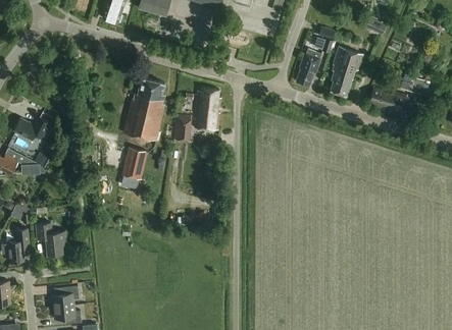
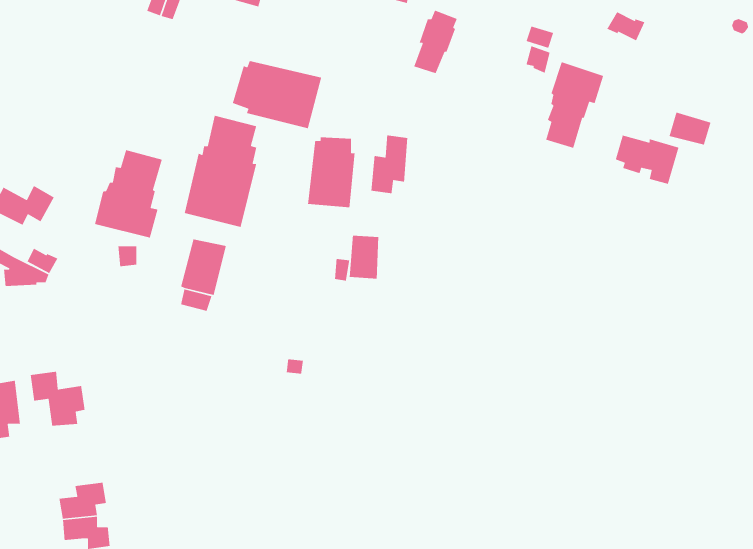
building: none -> [232,60,322,129]
building: [296,49,321,86] -> [413,10,458,74]
building: none -> [370,134,408,194]
building: none -> [94,149,163,238]
building: [173,116,191,142] -> [349,235,379,279]

